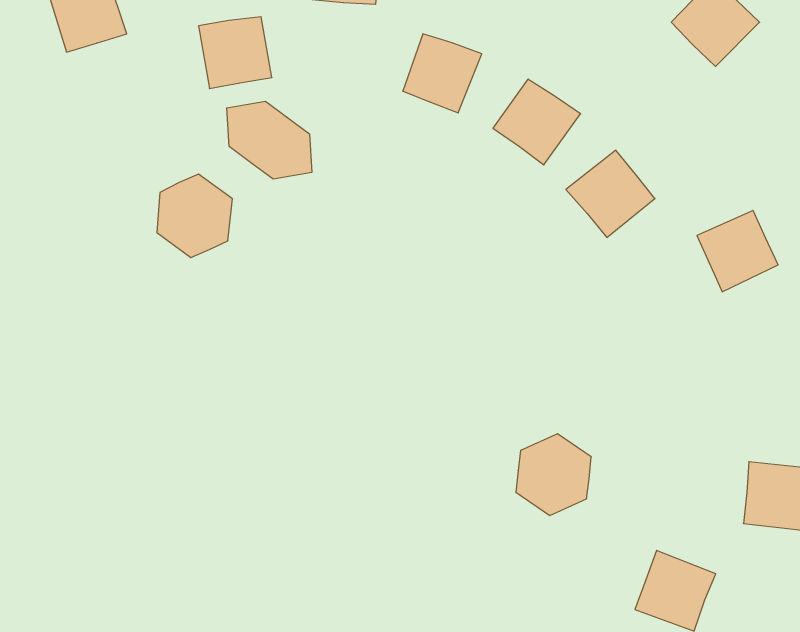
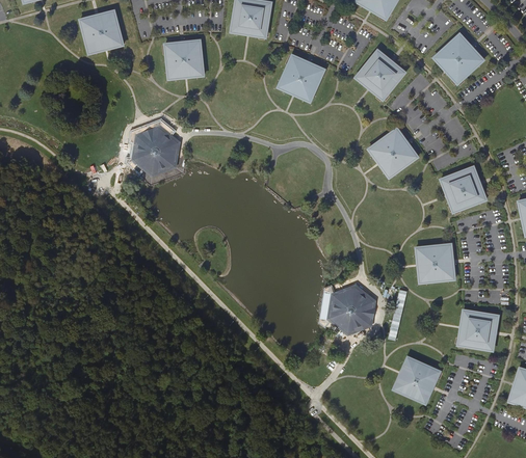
building: [493,79,581,165] -> [356,49,406,99]
building: [227,101,312,179] -> none
building: none -> [416,245,455,285]

